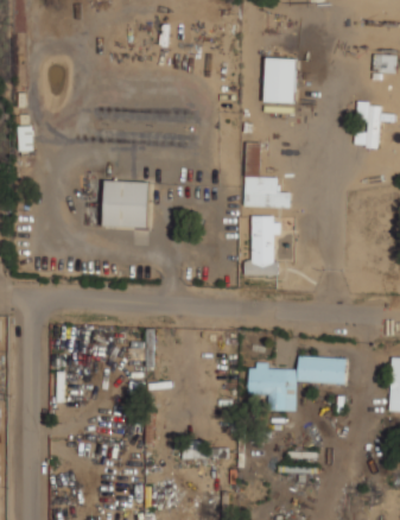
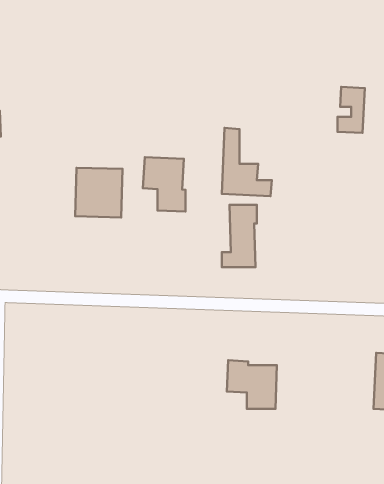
building: [264,58,296,103] -> none
building: none -> [143,157,186,211]
building: [297,356,347,383] -> none

